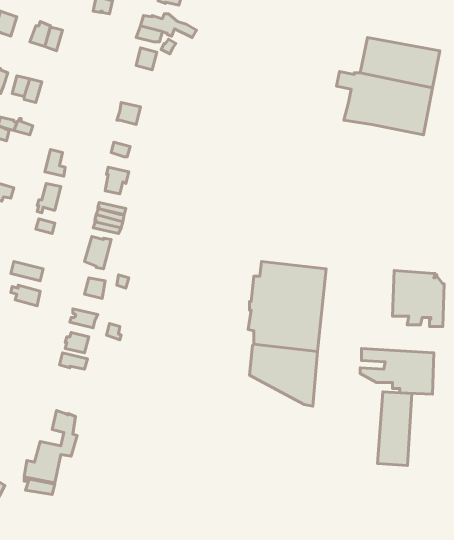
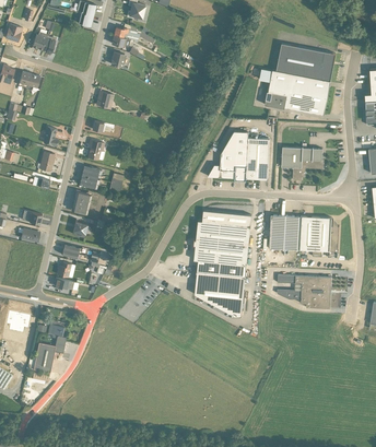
building: none -> [207,130,269,179]
building: none -> [281,145,322,179]
building: none -> [268,214,301,249]
building: [377,392,412,466] -> none

